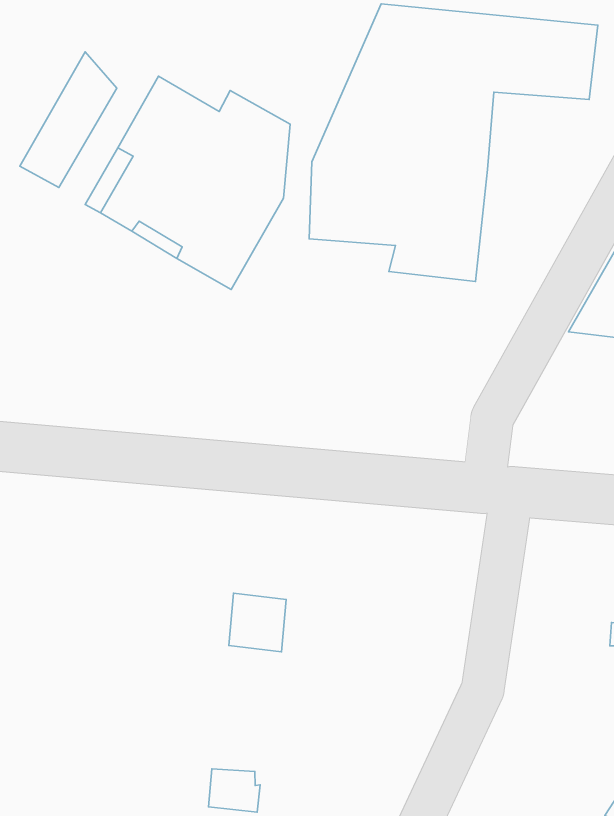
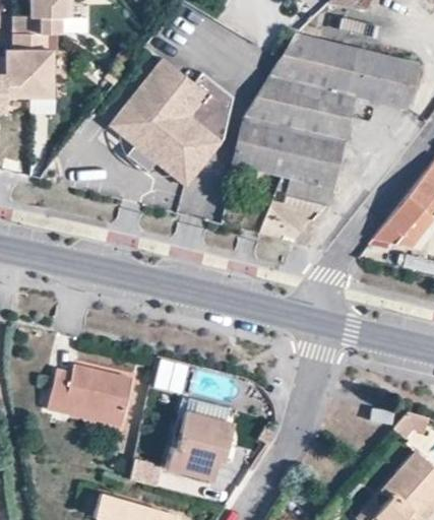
building: [20,52,117,188] -> none
building: none -> [48,365,132,427]
building: none -> [167,411,234,479]

